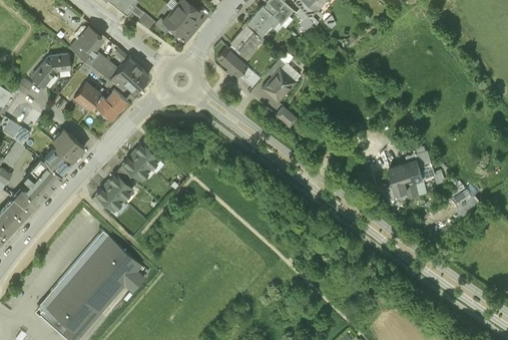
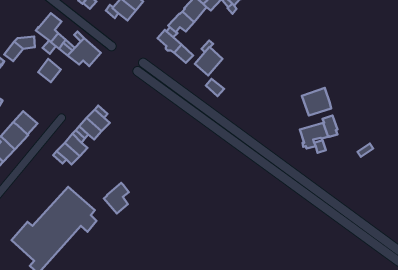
building: [94,89,127,118] -> none
building: none -> [302,88,331,116]
building: [53,130,85,160] -> none
building: none -> [104,183,129,213]

